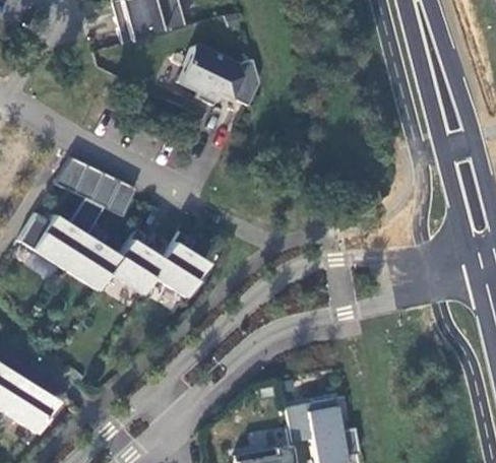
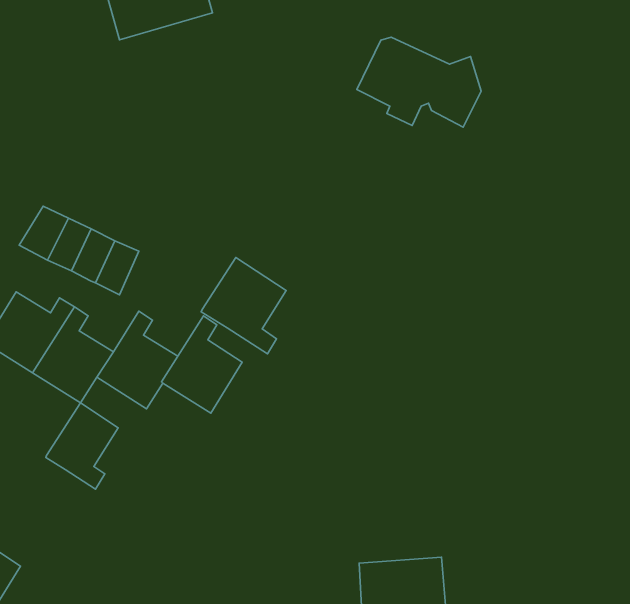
building: [177,46,261,107] -> [357,37,481,127]
building: none -> [201,257,286,354]
building: none -> [46,403,118,489]

